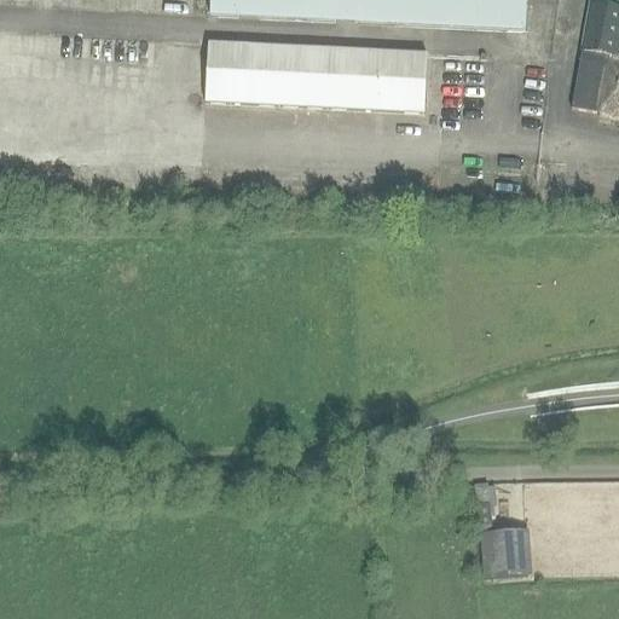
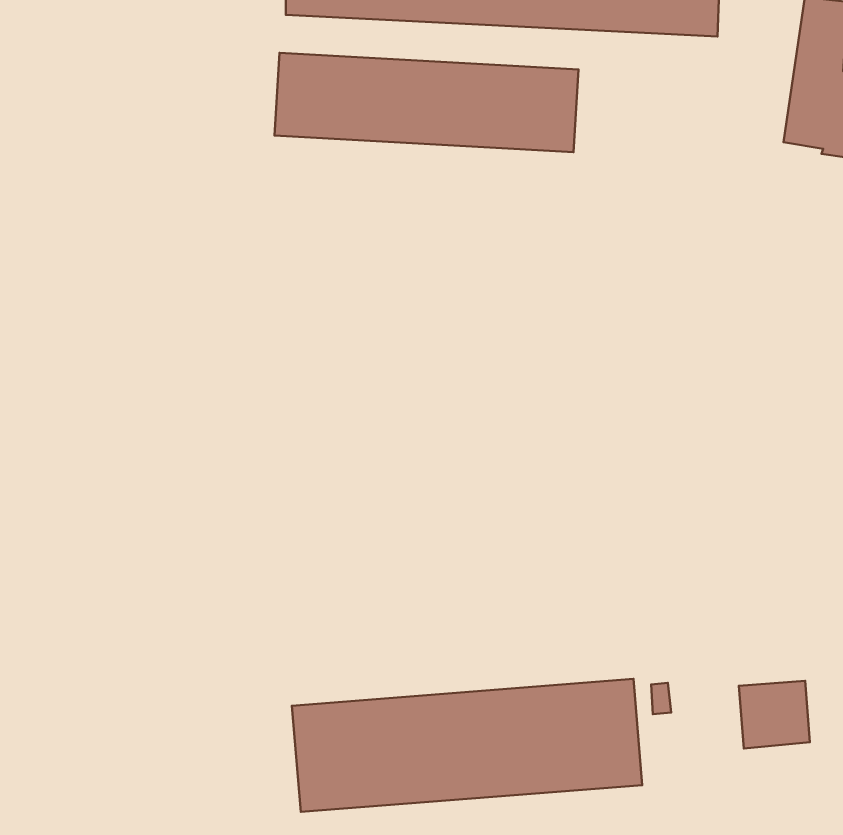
building: none -> [292,679,642,812]
building: [479,525,531,574] -> [739,681,810,749]

